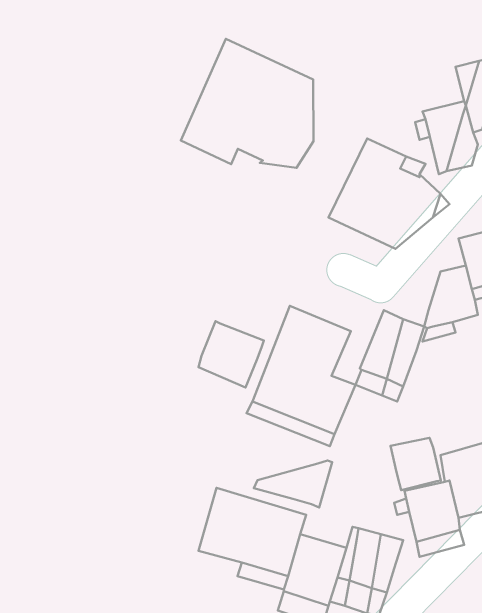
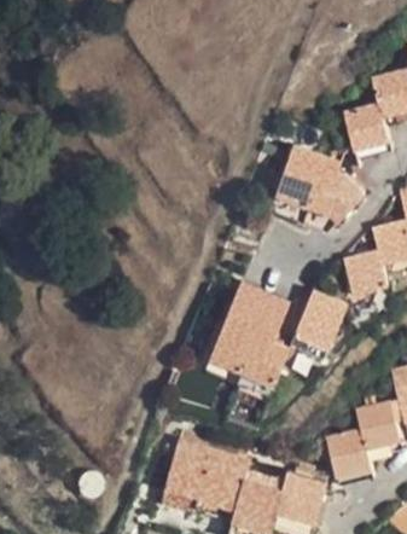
building: [181,39,314,168] -> none
building: [199,321,264,388] -> none
building: [390,438,441,490] -> none
building: [254,461,332,508] -> none

